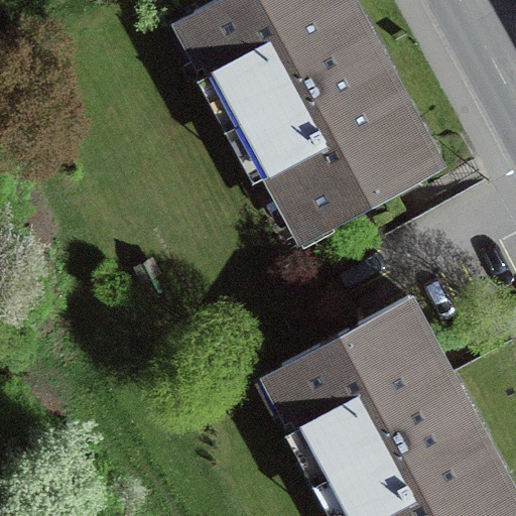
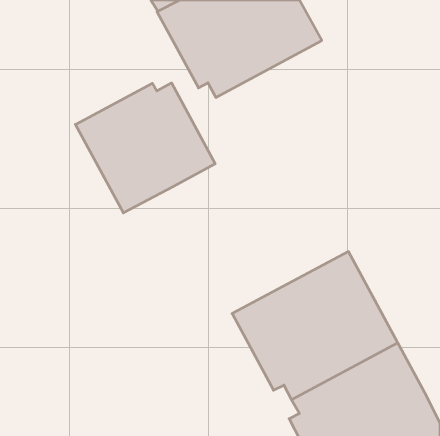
building: [250,52,434,237] -> none
building: none -> [75,83,215,213]

